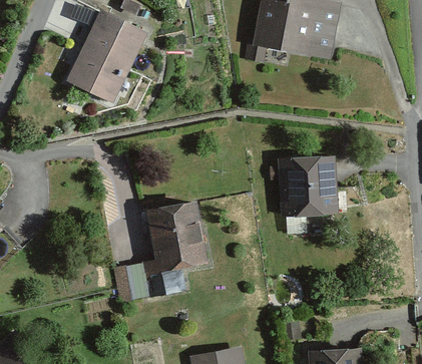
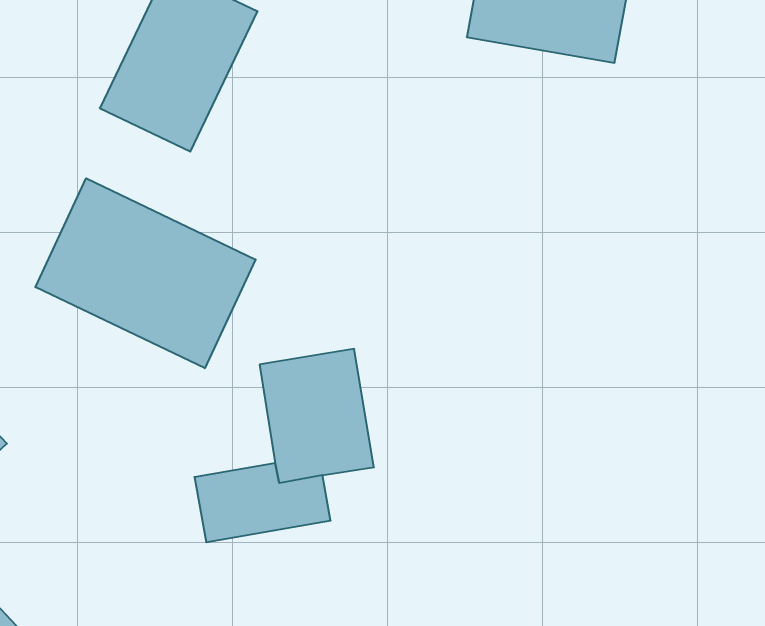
building: none -> [35,178,256,368]
building: [280,156,333,215] -> none

